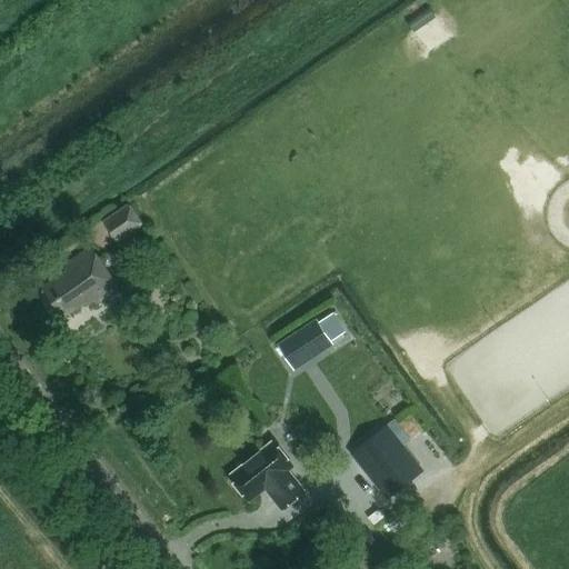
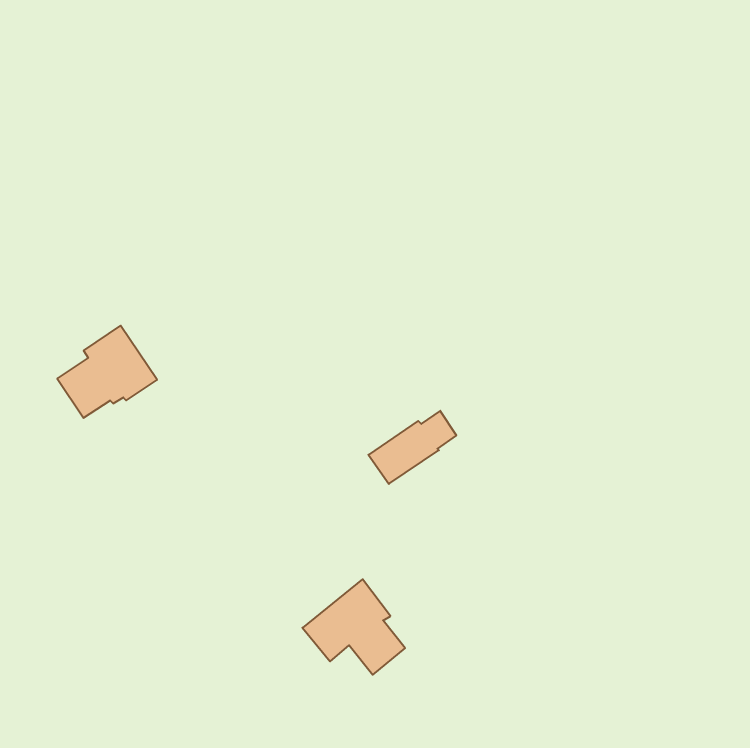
building: [102,203,144,244] -> none
building: [351,423,425,499] -> none

